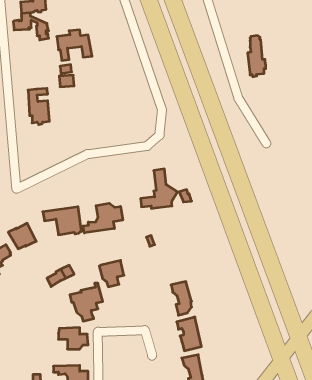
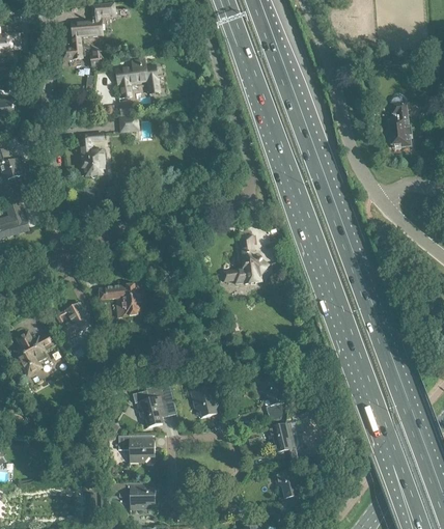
building: [248,36,266,77] -> [389,98,412,149]
building: [83,203,123,233] -> none
building: [99,260,124,287] -> [190,385,221,418]

